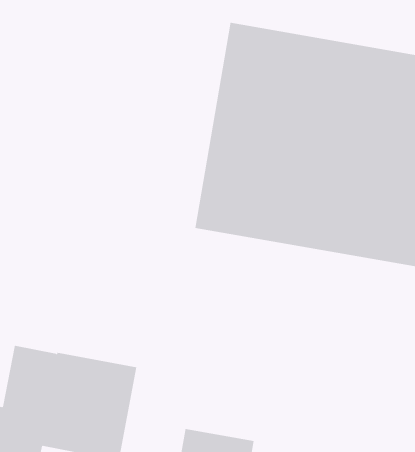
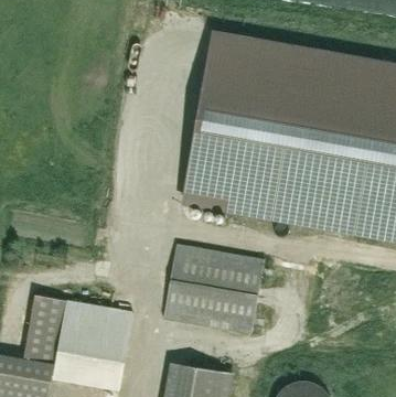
building: none -> [164,246,263,332]

